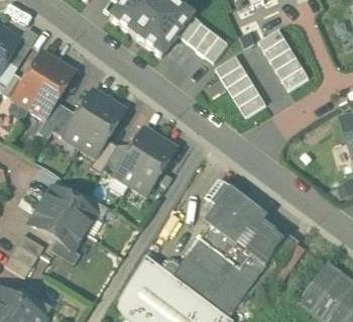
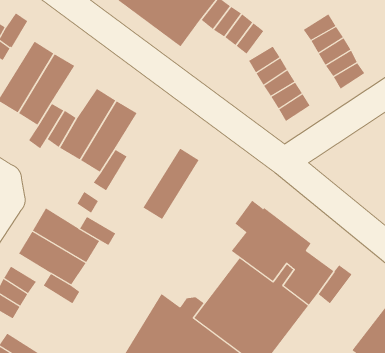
building: [114,125,160,185] -> none

